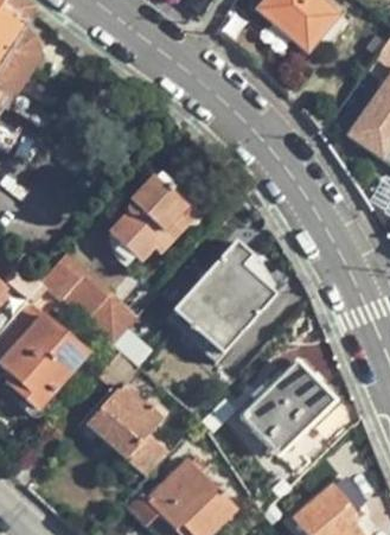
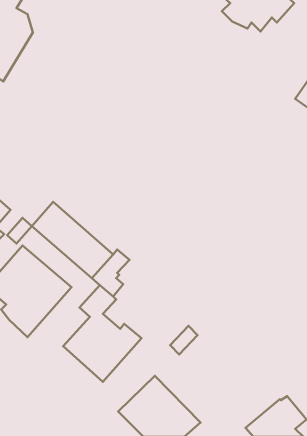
building: [108,171,198,263] -> none
building: [166,242,276,364] -> none
building: [239,357,340,457] -> none

